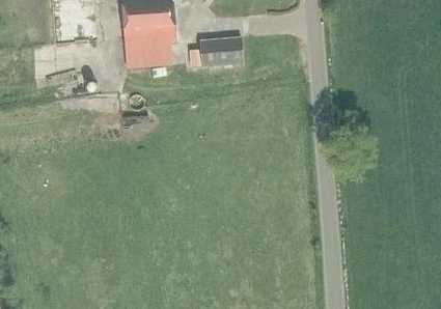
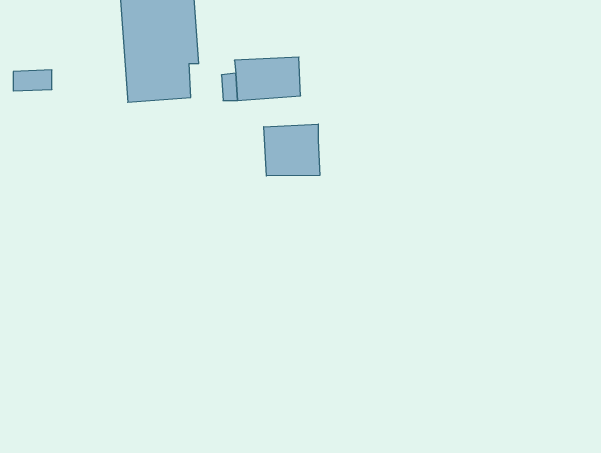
building: none -> [264,124,320,176]

